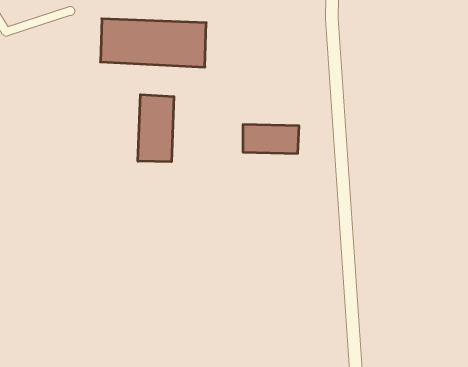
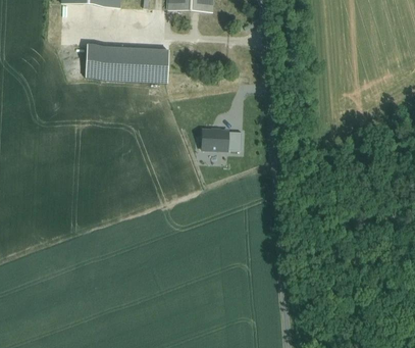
building: [138,95,174,162] -> none

